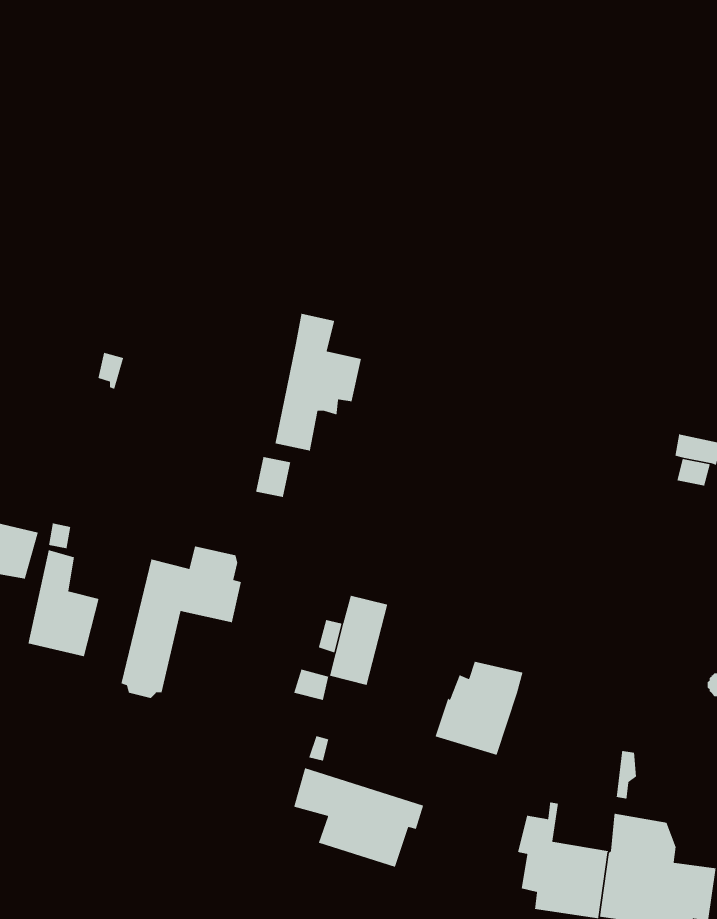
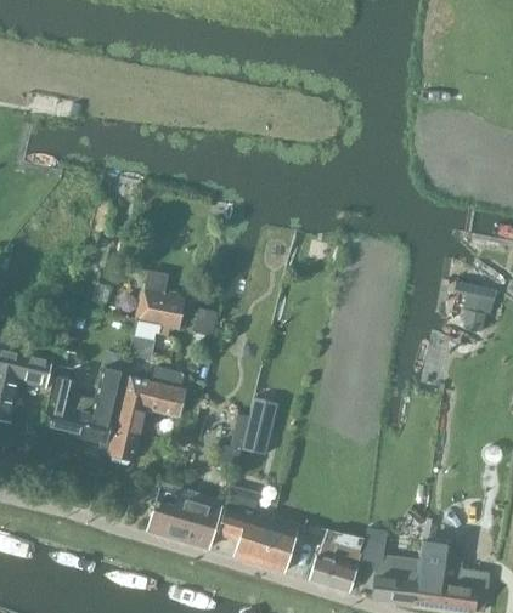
building: [274,313,362,451] -> [128,272,184,361]
building: none -> [84,363,124,454]
building: [434,661,524,756] -> [309,533,366,594]
building: none -> [147,483,222,549]

